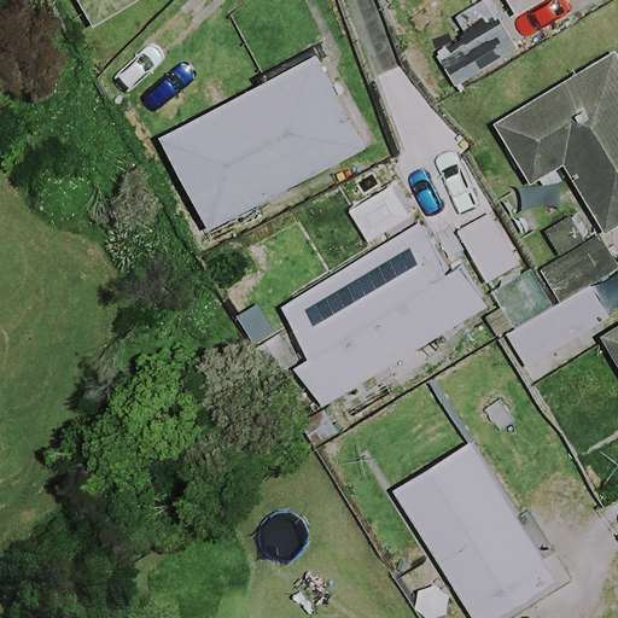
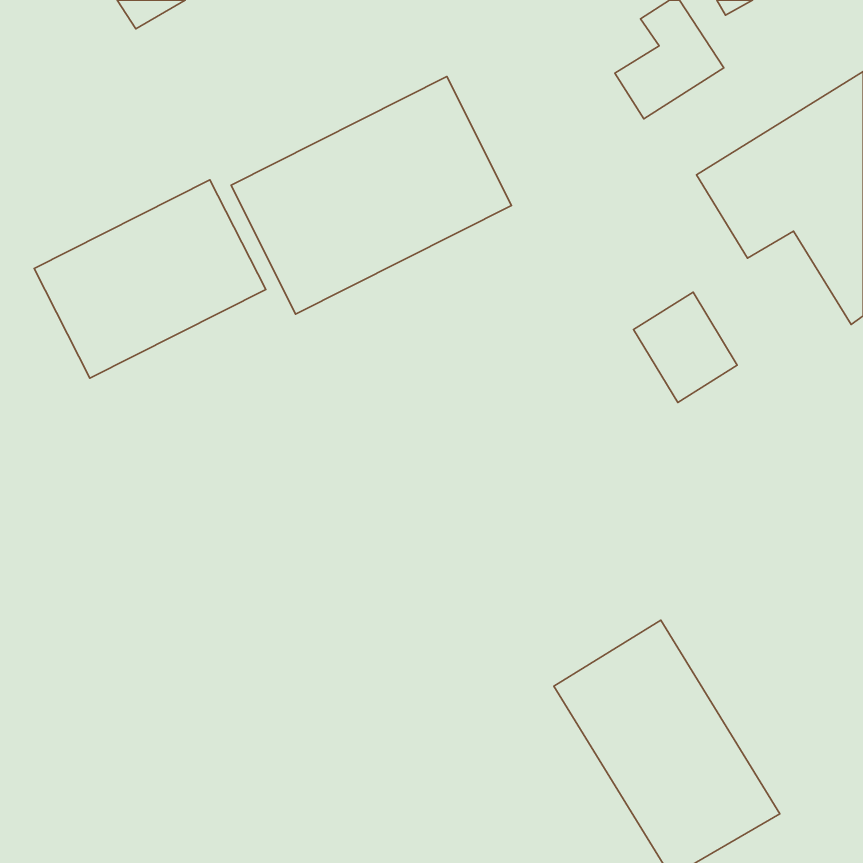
building: none -> [34,180,266,378]
building: [281,220,477,407] -> none

